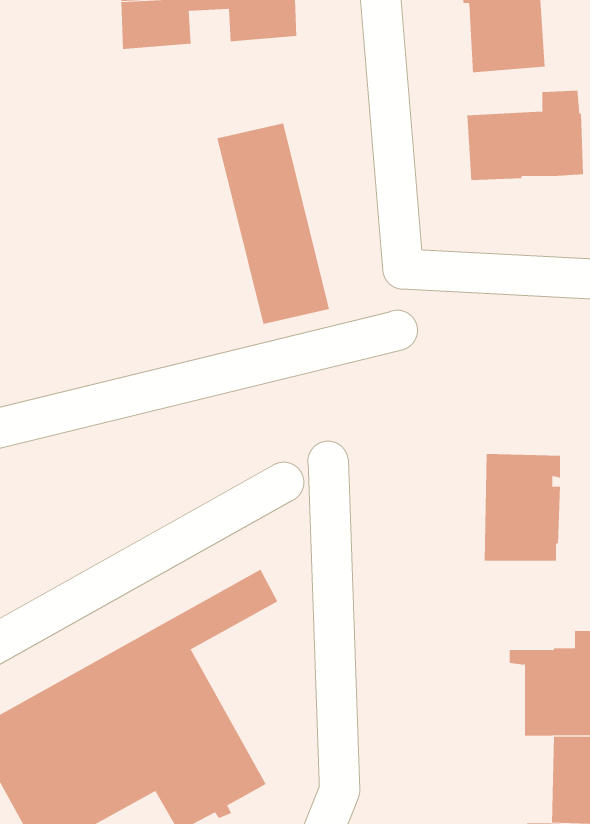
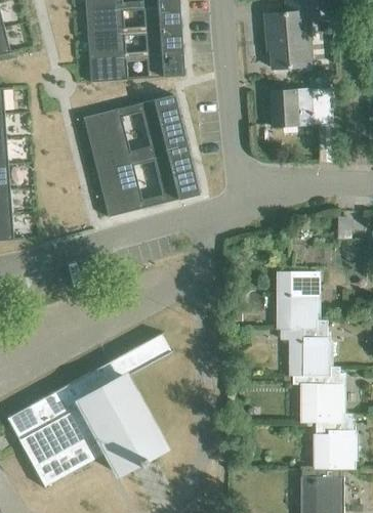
building: none -> [87,49,182,82]
building: none -> [82,109,143,217]
building: none -> [283,319,330,376]

